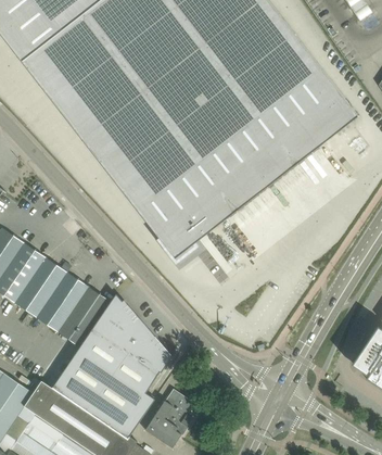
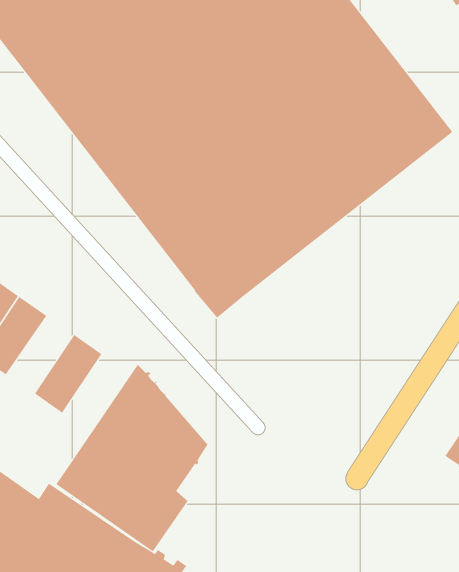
building: [14,256,66,316] -> none
building: [58,286,110,345] -> none
building: [144,388,194,446] -> none

